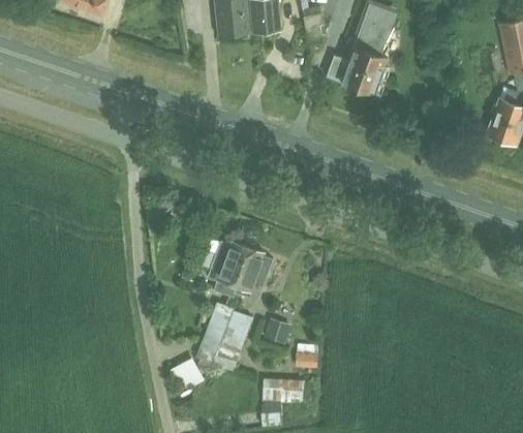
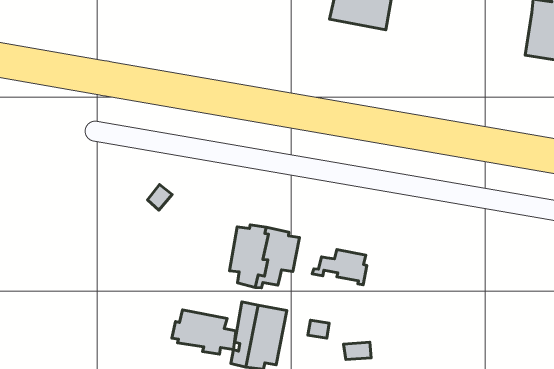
building: none -> [312,249,367,285]
building: none -> [172,310,236,354]

